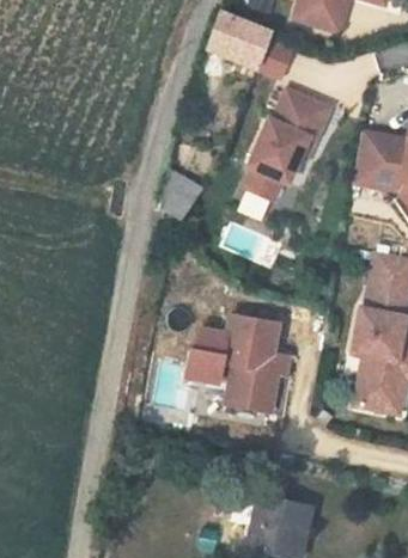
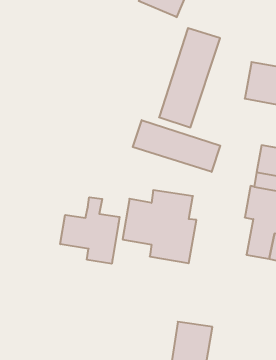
building: [160,170,201,221] -> none
building: none -> [133,120,220,172]
building: none -> [60,197,120,264]

